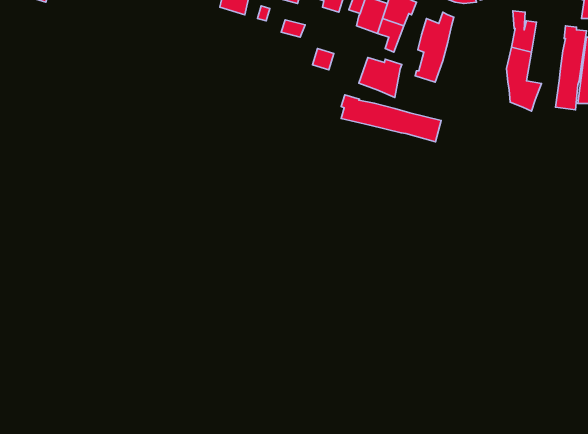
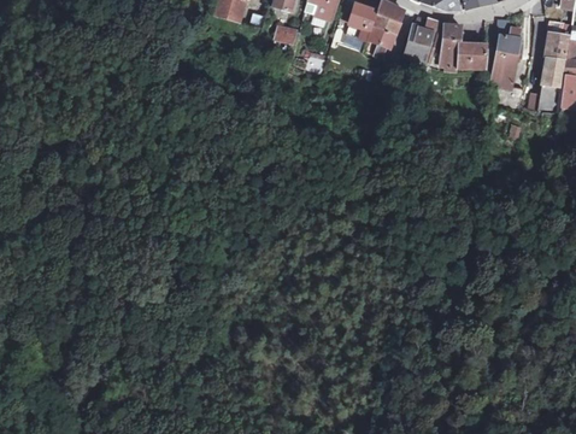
building: none -> [440,23,487,66]
building: [359,57,402,97] -> none
building: [341,95,441,142] -> none

